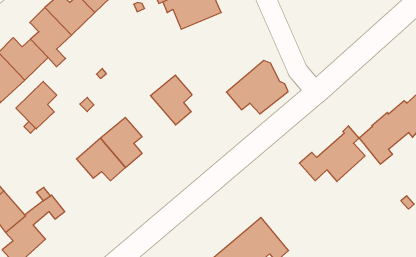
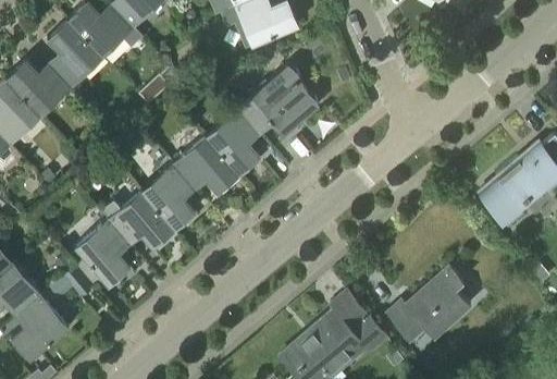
building: [226,61,288,114] -> [239,68,320,137]
building: [16,81,57,129] -> none
building: none -> [174,136,239,193]
building: [299,126,365,182] -> [386,265,472,338]
building: none -> [77,219,132,286]

